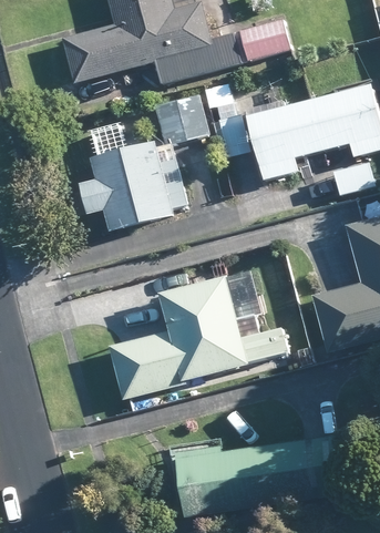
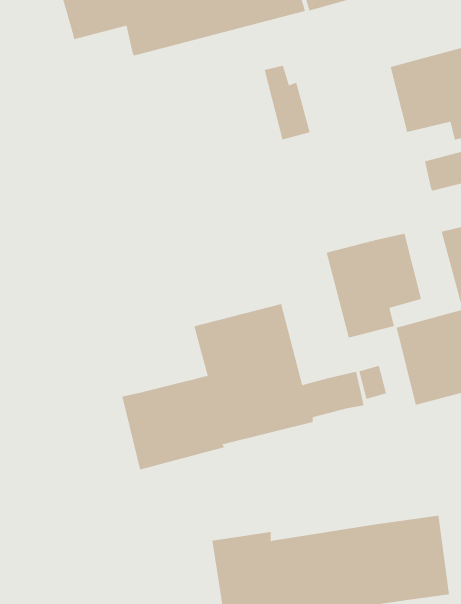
building: [152,92,206,144] -> none
building: [247,101,318,178] -> [326,233,422,338]
building: [81,141,186,230] -> none

